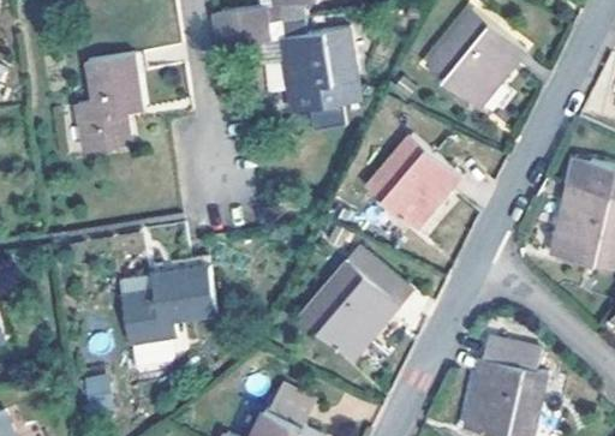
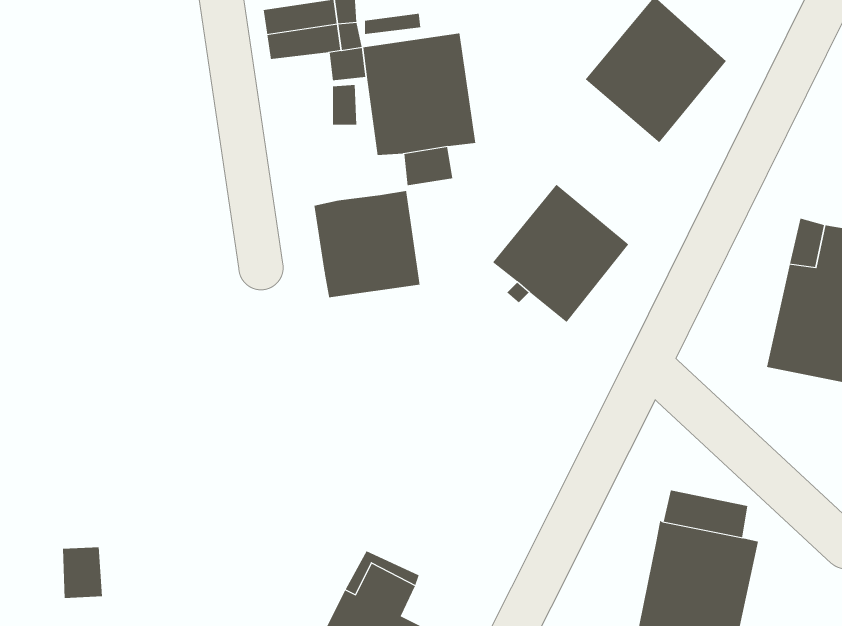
building: [76,49,142,149] -> none
building: none -> [314,190,420,298]
building: [303,257,399,356] -> none
building: [118,267,215,346] -> none

